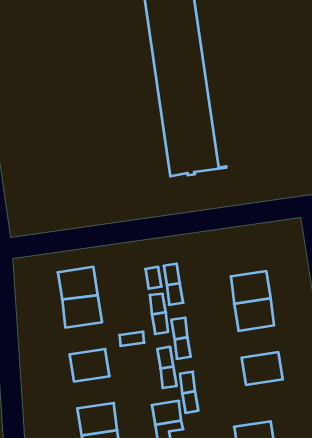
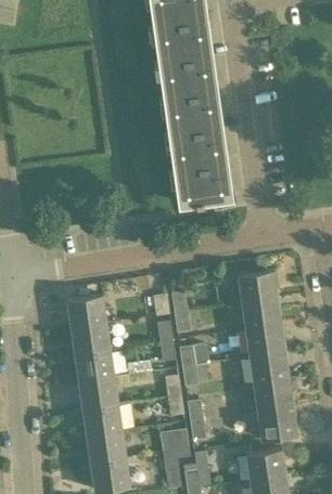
building: none -> [235,272,276,304]
building: none -> [74,350,114,382]
building: none -> [247,353,288,386]
building: none -> [82,404,123,437]
building: none -> [255,407,295,440]

